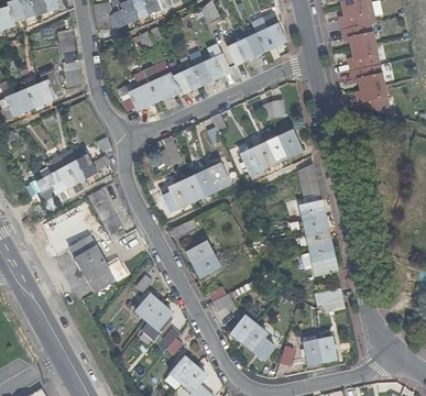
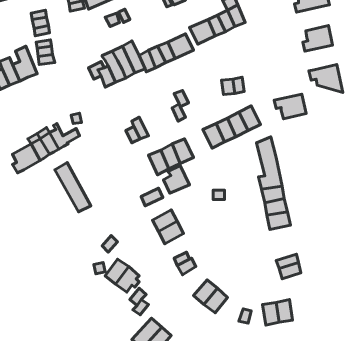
building: [341,23,375,50] -> none
building: [350,65,384,91] -> [274,94,306,119]
building: [165,183,193,212] -> [164,165,189,193]
building: [65,239,109,294] -> none

